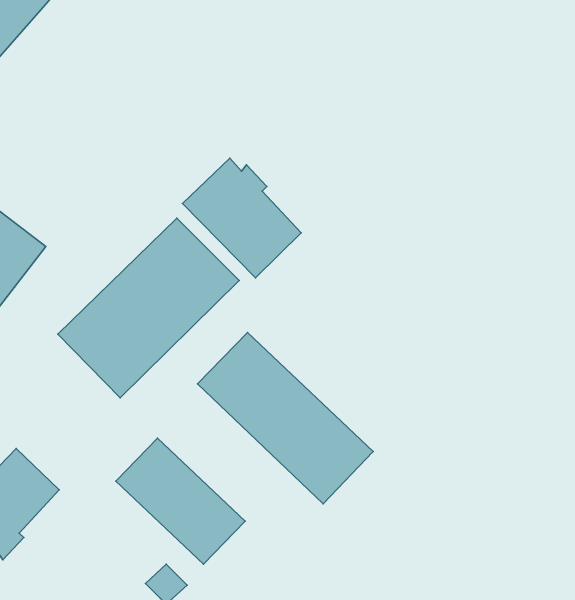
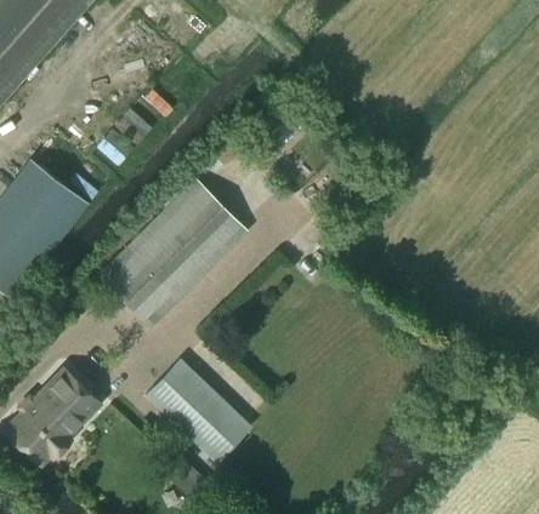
building: [183,158,301,278] -> none
building: [198,333,373,504] -> none

